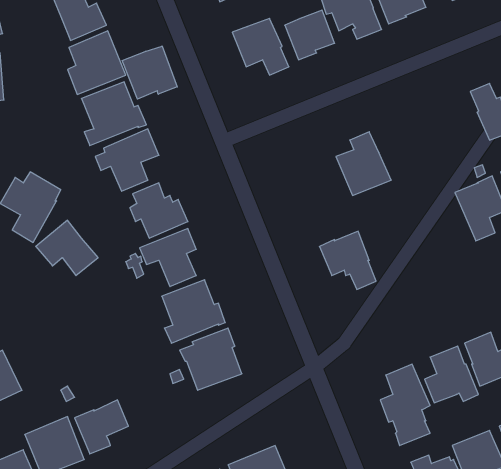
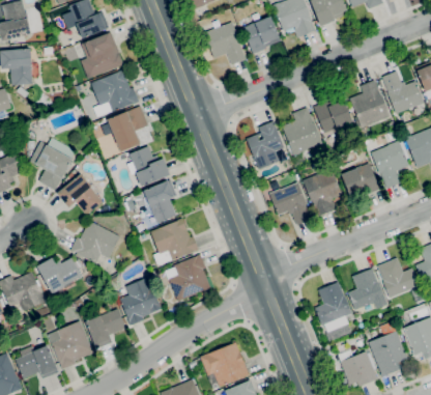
building: [122,46,177,99] -> none
building: none -> [349,81,390,129]
building: none -> [313,97,352,134]
building: none -> [246,122,283,170]
building: none -> [341,164,379,196]
building: none -> [303,169,341,218]
building: none -> [69,221,119,264]
building: none -> [36,258,81,301]
building: none -> [119,278,162,327]

